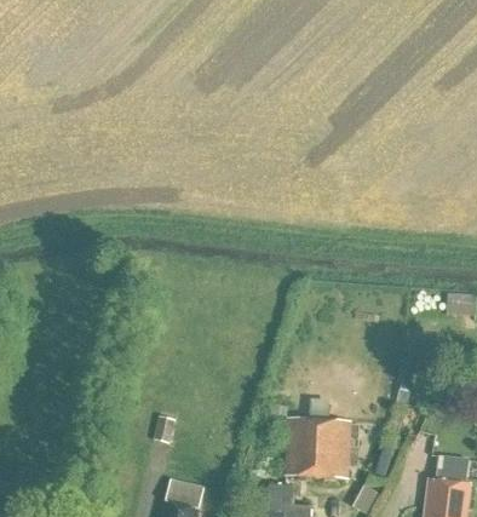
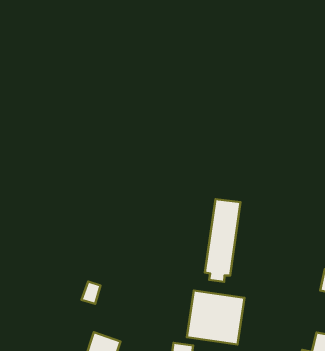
building: none -> [205,199,241,282]

